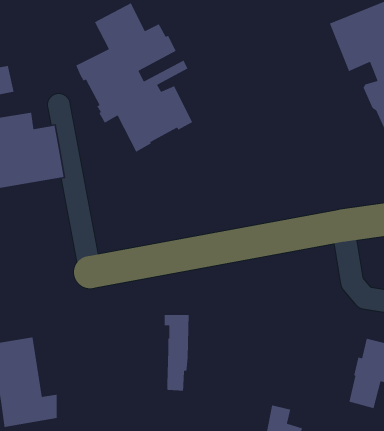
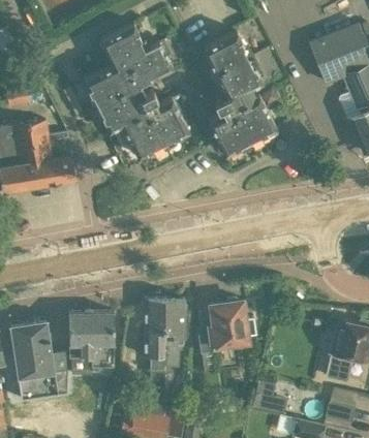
building: none -> [204,31,275,154]
building: none -> [144,300,166,371]
building: none -> [198,302,256,354]
building: none -> [68,313,115,372]

